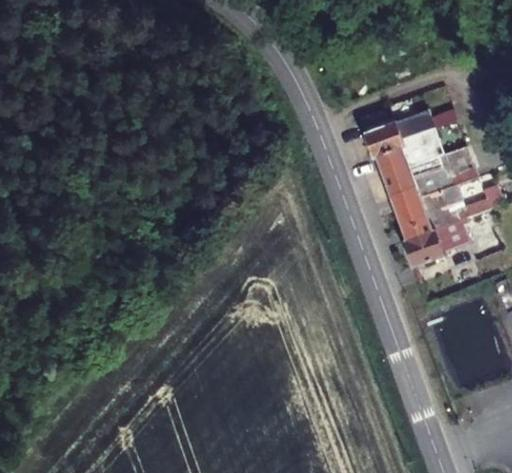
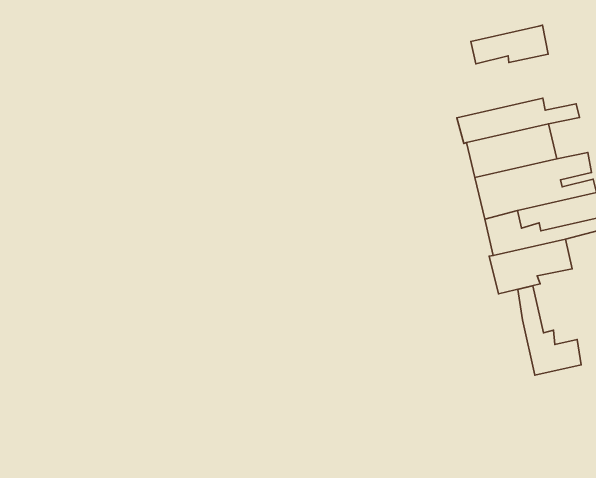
building: none -> [471,25,548,64]
building: none -> [518,286,581,375]

